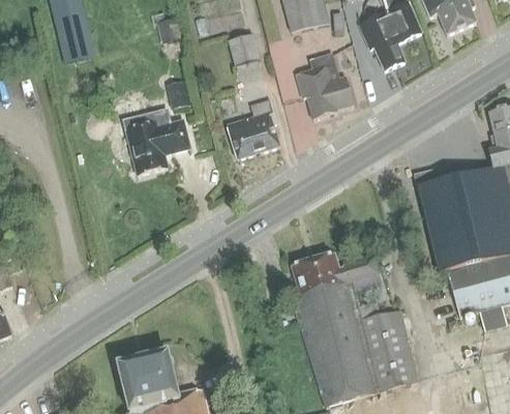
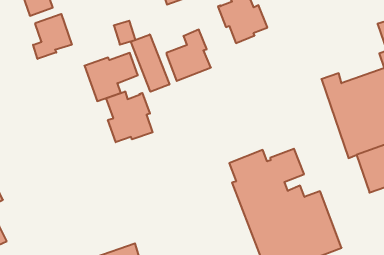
building: none -> [33,14,72,59]
building: none -> [131,34,169,92]
building: none -> [106,91,153,142]

